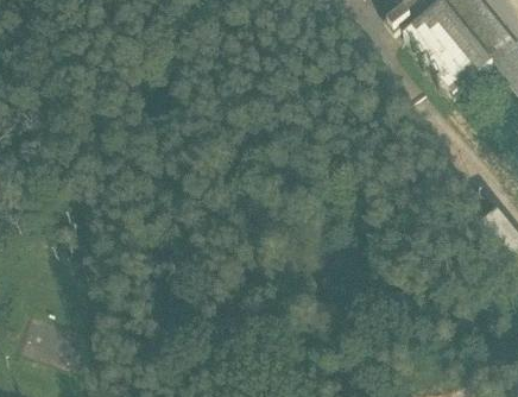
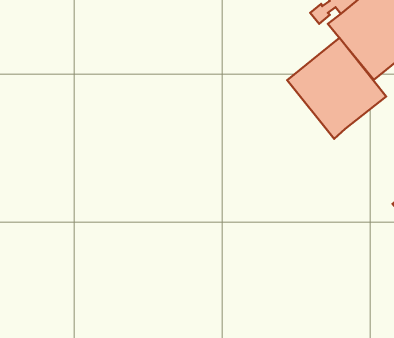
building: none -> [287,38,386,139]

